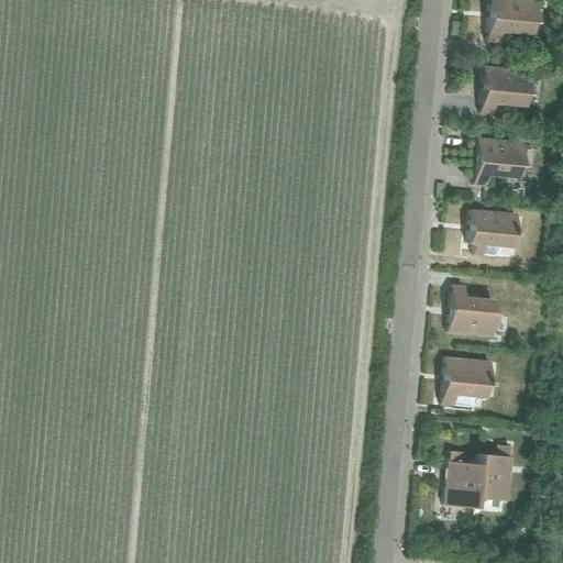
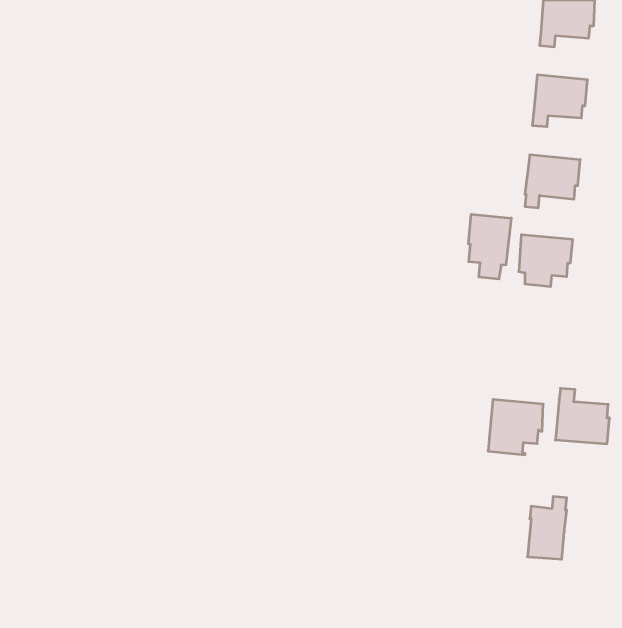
building: none -> [469,214,511,279]
building: [449,286,497,335] -> [555,388,610,444]
building: [445,451,481,508] -> none

